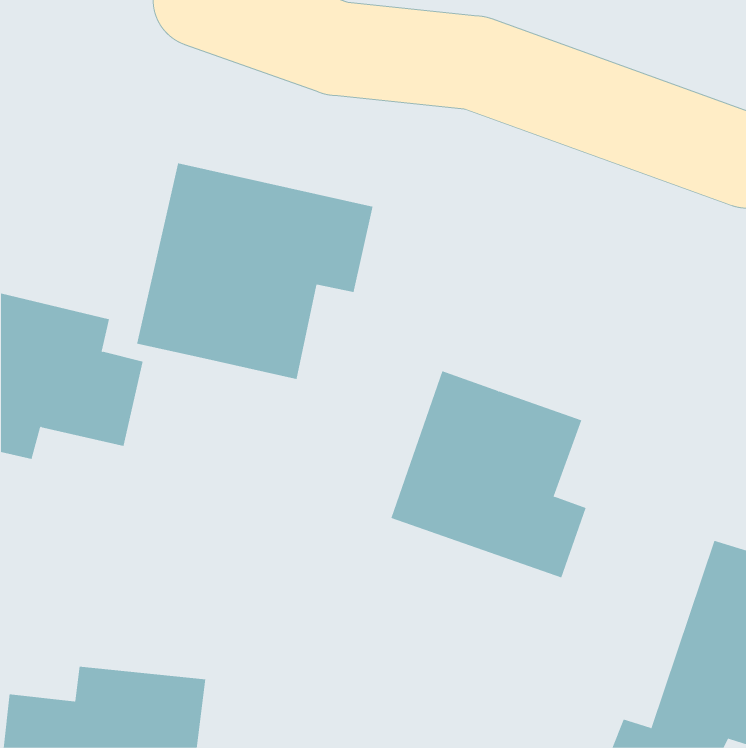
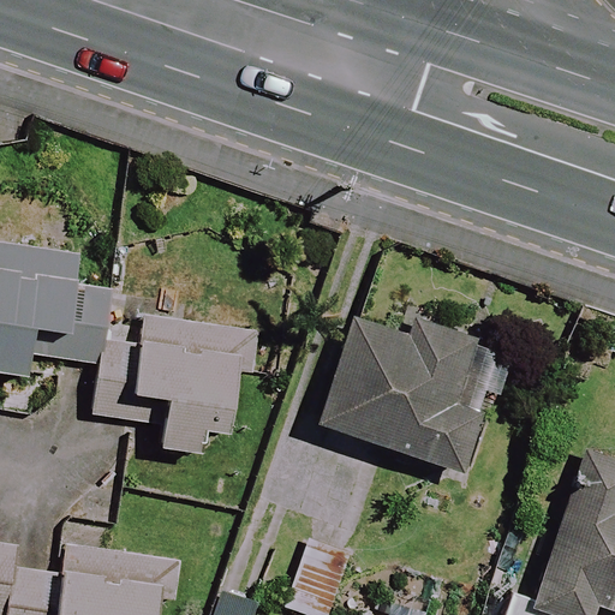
building: [136,162,373,380] -> none
building: none -> [101,308,252,455]

